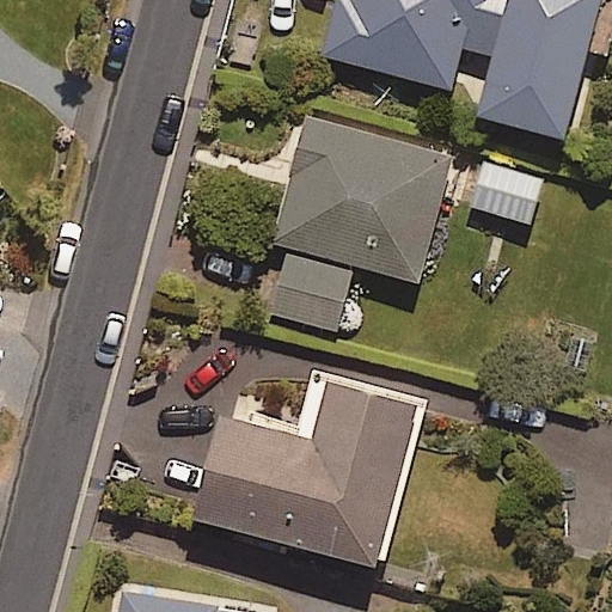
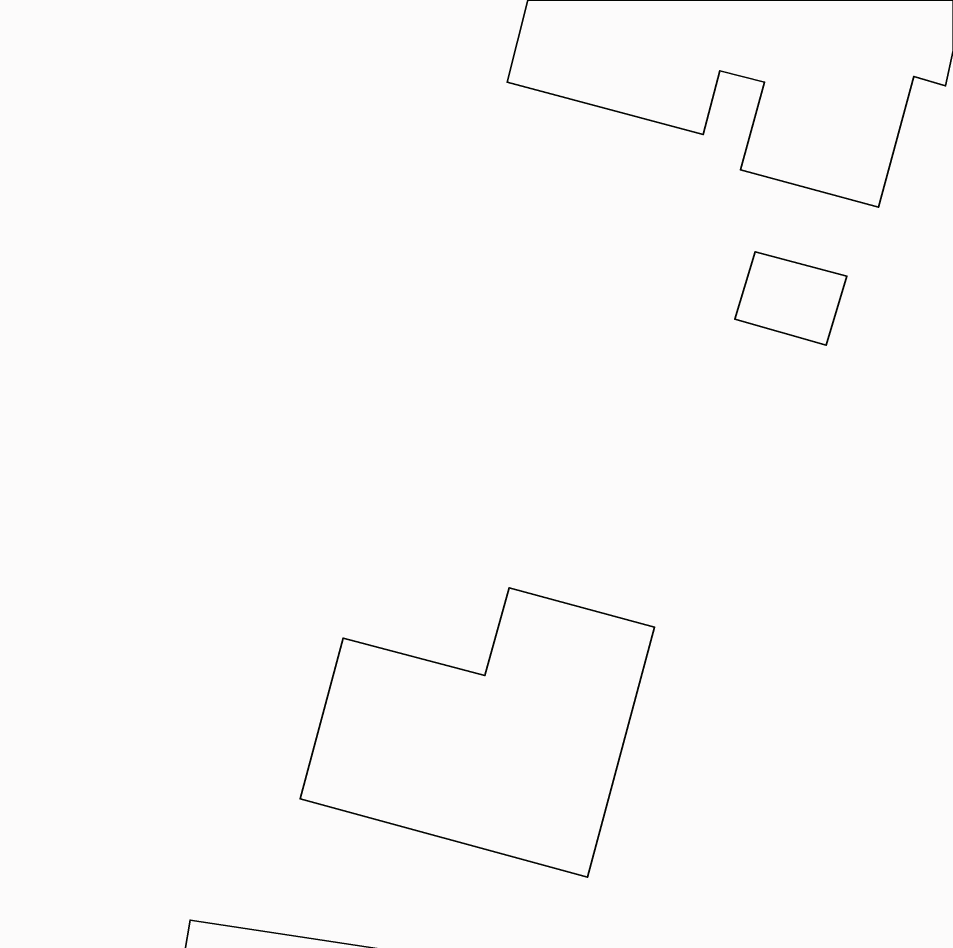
building: [269,118,452,331] -> none

